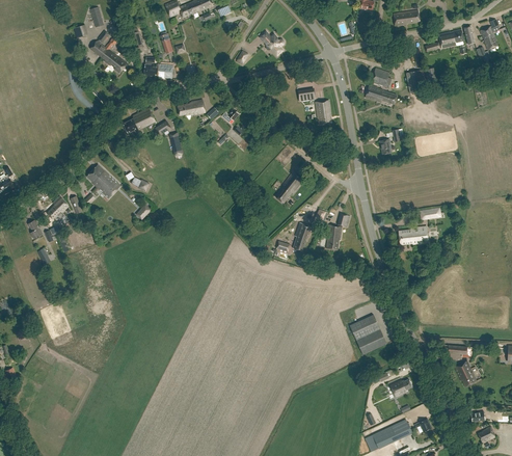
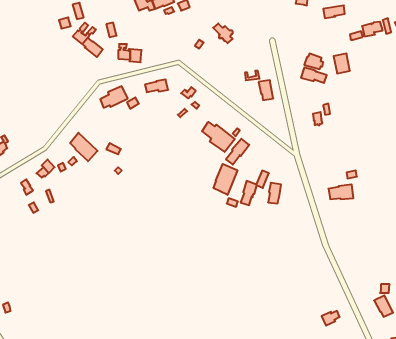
building: none -> [202,122,235,152]
building: none -> [214,164,237,195]
building: [349,313,387,354] -> none

